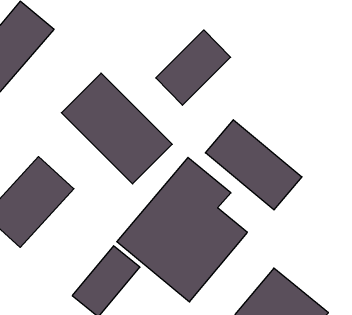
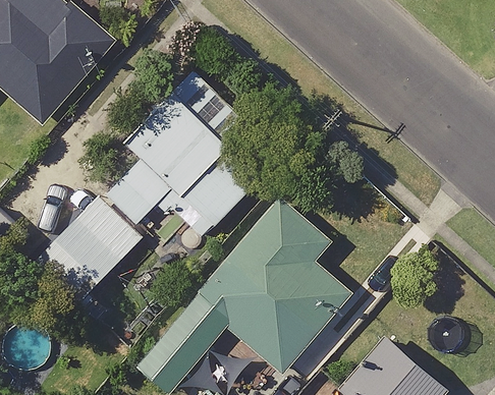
building: [156,30,231,105] -> none
building: [205,120,302,210] -> none

